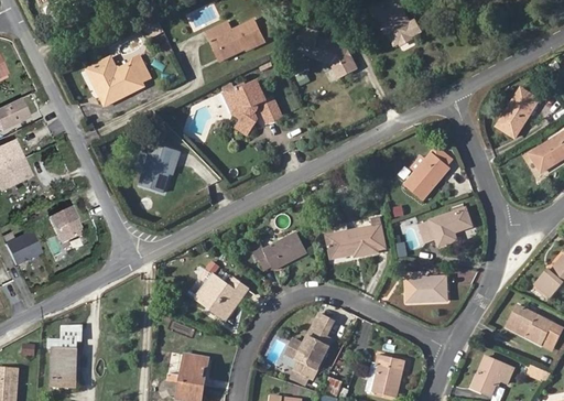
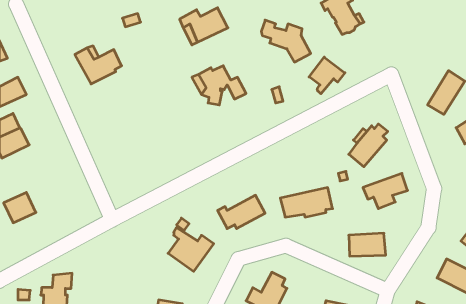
building: none -> [309,57,345,94]
building: [139,140,180,189] -> none
building: [48,205,84,242] -> none

